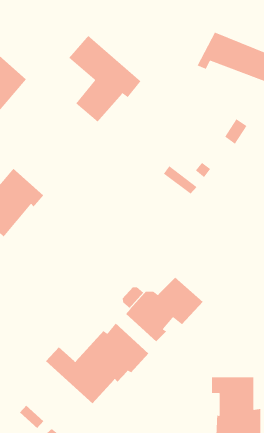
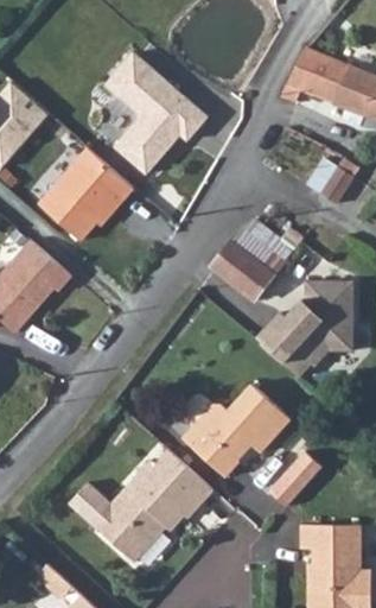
building: none -> [38,148,132,239]
building: none -> [211,241,273,298]
building: none -> [251,279,351,376]
building: none -> [268,452,323,511]

